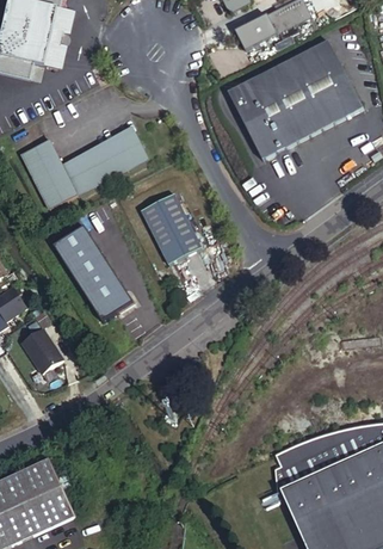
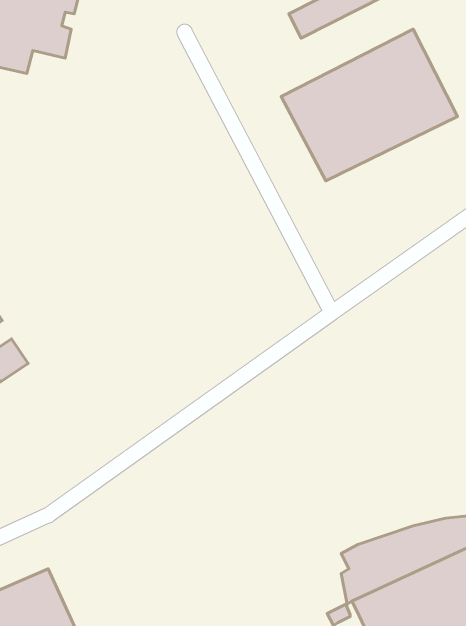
building: [21,129,148,206] -> none
building: [140,192,202,264] -> none
building: [54,224,132,321] -> none
building: [25,325,67,370] -> none

